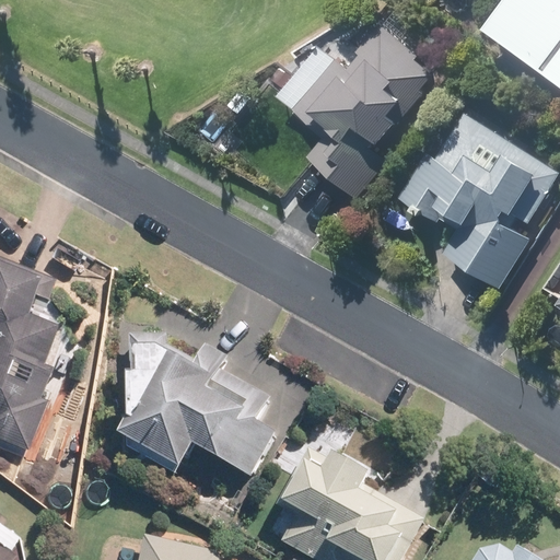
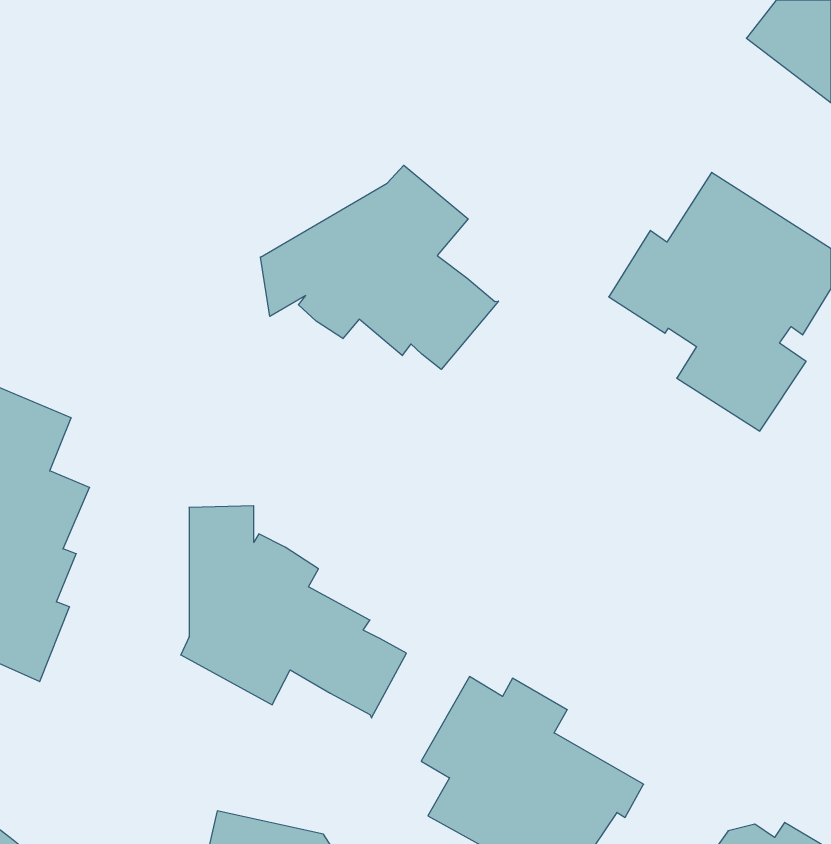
building: [295,26,432,196] -> none
building: none -> [260,165,498,369]

